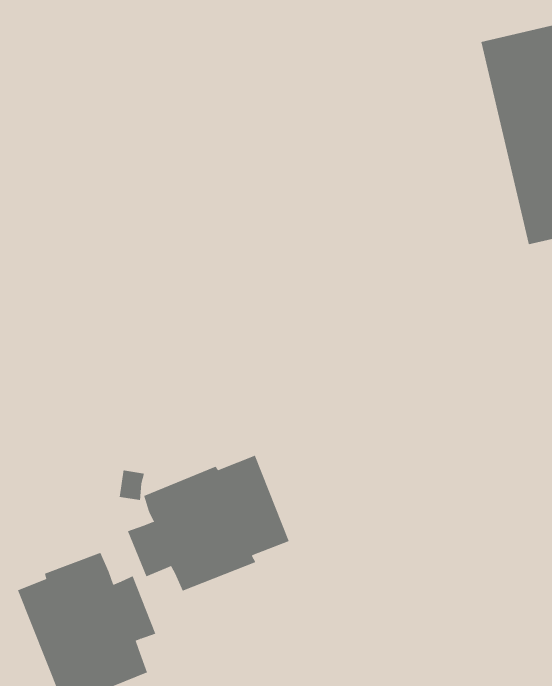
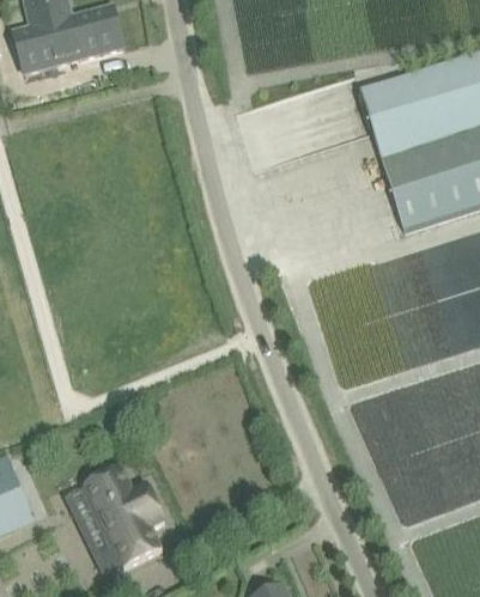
building: [127,455,290,591] -> none

